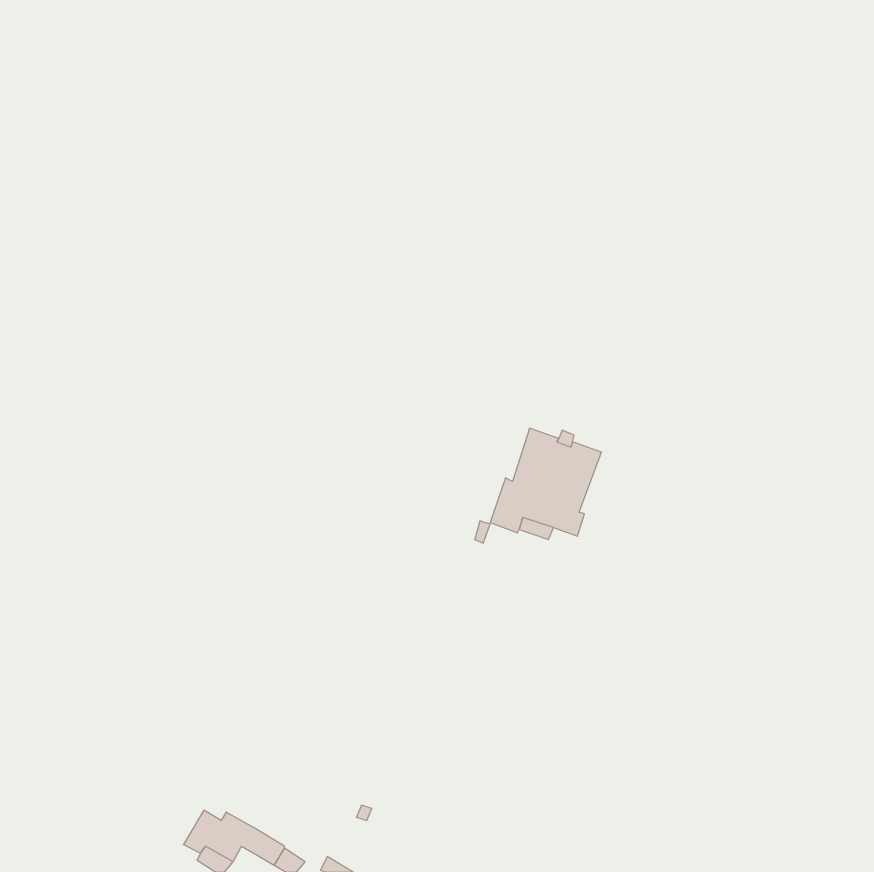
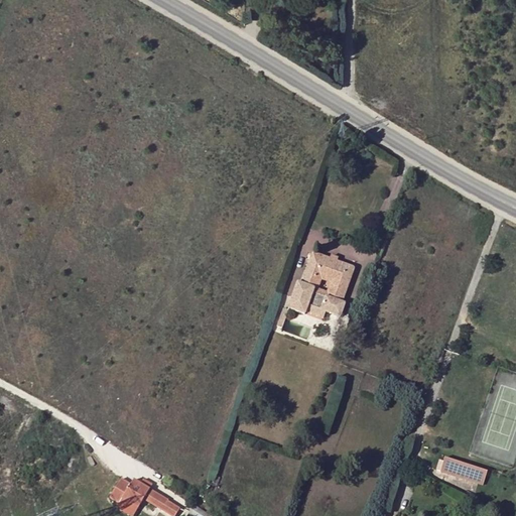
building: none -> [439,456,487,485]

